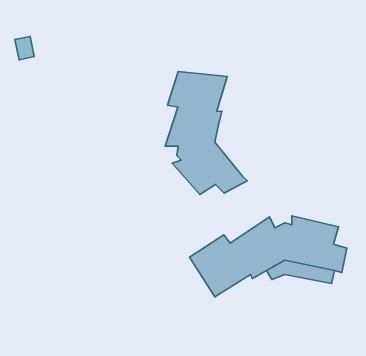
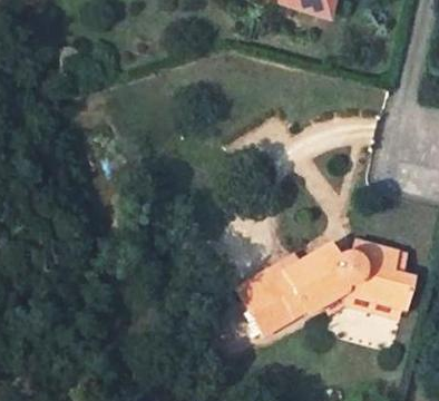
building: [165,71,247,195] -> none

